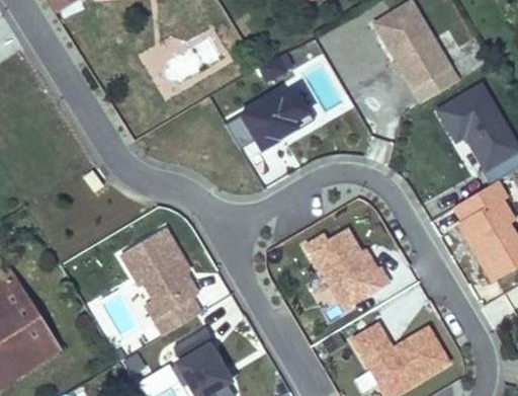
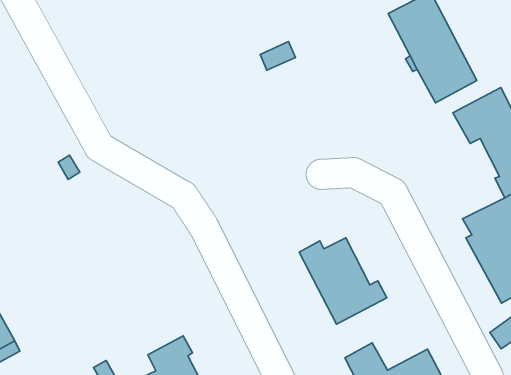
building: [226,77,318,157] -> none
building: [120,229,199,335] -> none

